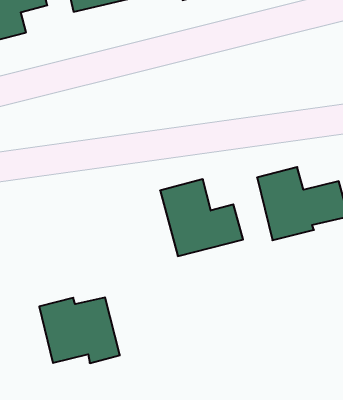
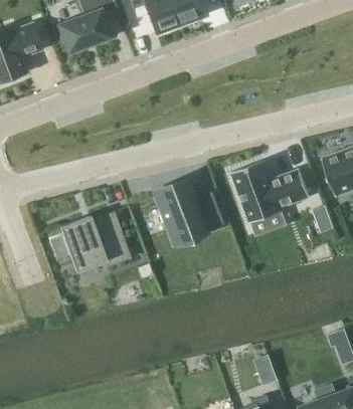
building: [39,297,120,363] -> [60,213,131,271]

